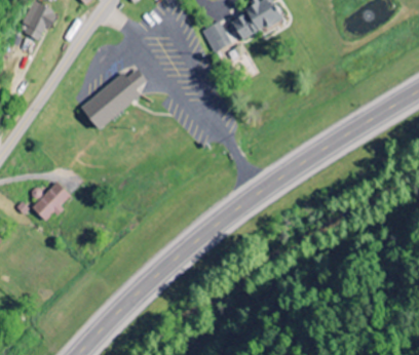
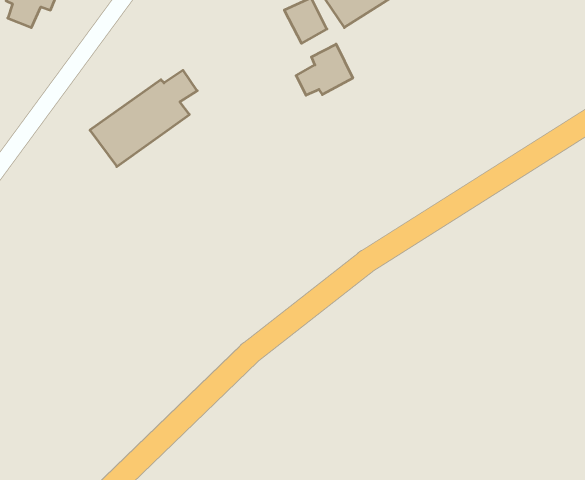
building: none -> [296,44,353,95]
building: [31,182,70,223] -> none

